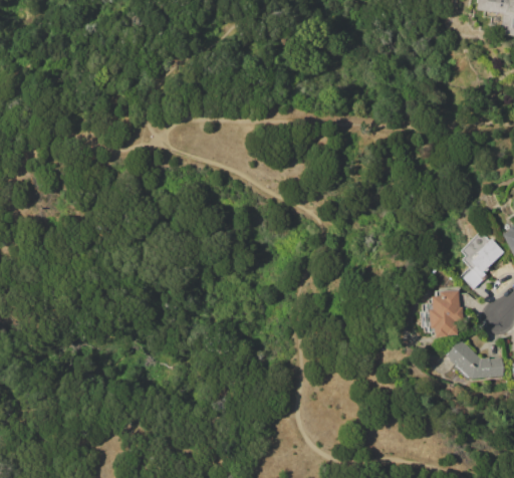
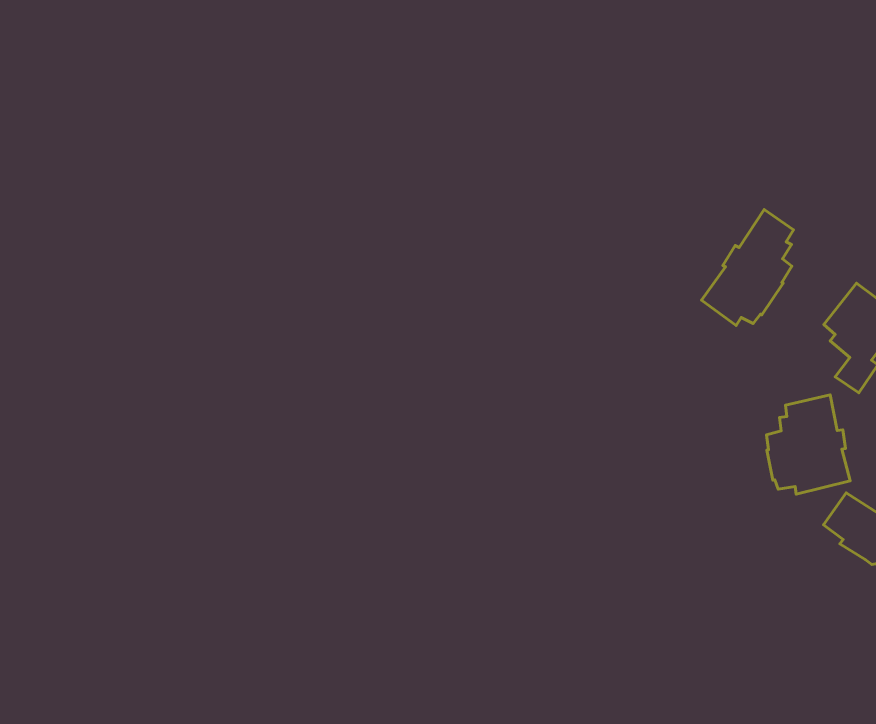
building: none -> [701,210,794,326]

